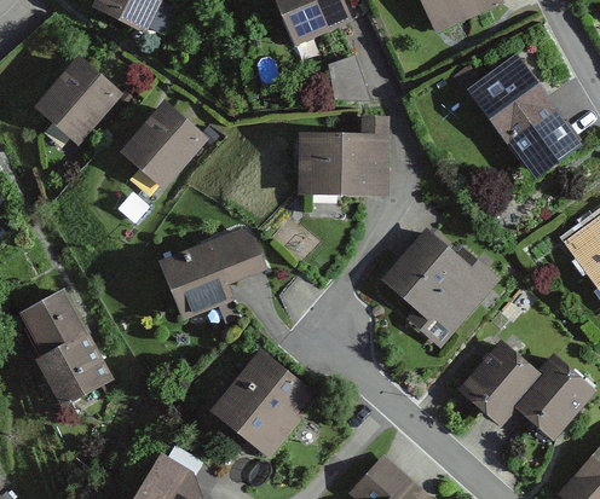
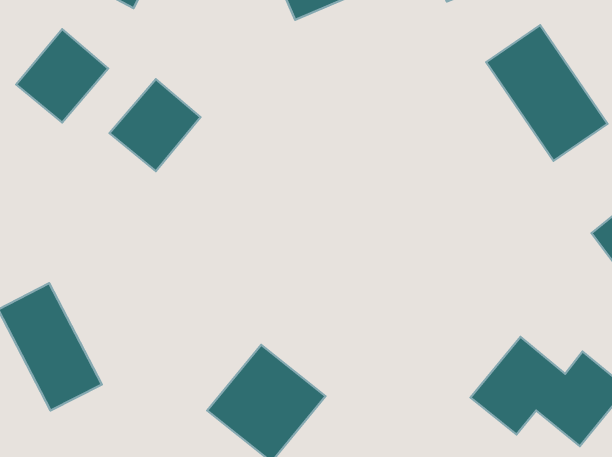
building: [296,116,390,197] -> none
building: [151,220,266,327] -> none
building: [386,234,503,337] -> none

